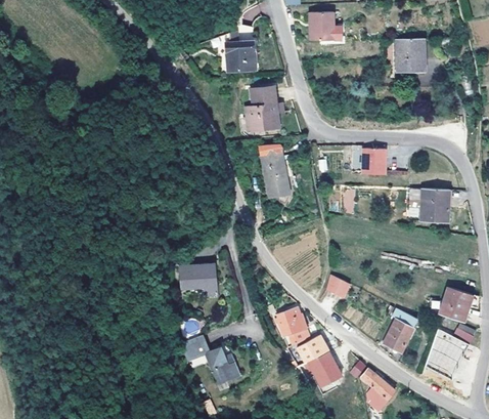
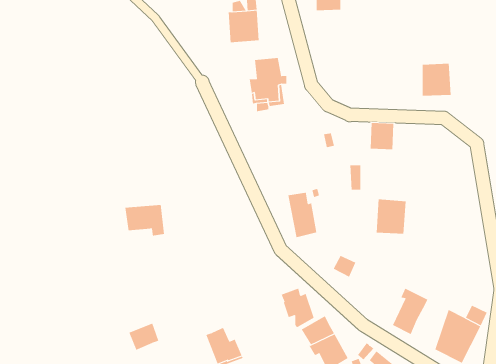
building: [397,38,426,70] -> [422,63,452,96]
building: [261,153,290,197] -> [287,192,317,238]
building: [420,187,450,221] -> [376,199,406,234]
building: [179,263,218,294] -> [124,204,165,236]
building: [440,286,473,322] -> none
building: [180,333,210,360] -> [128,323,159,351]

